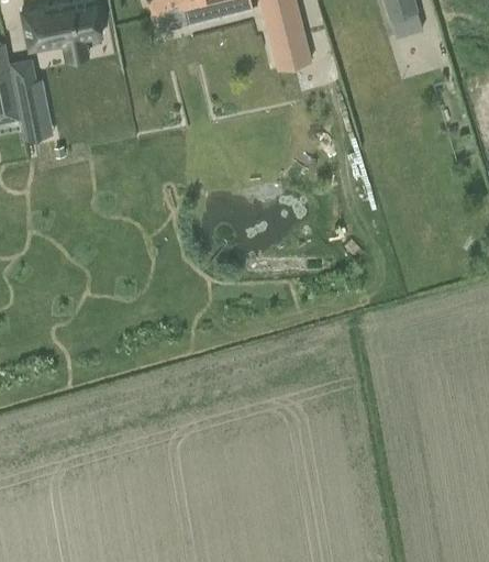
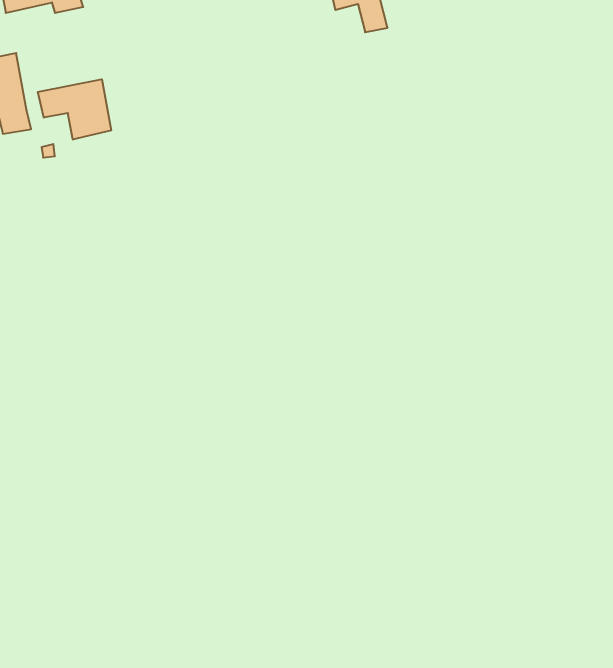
building: none -> [38,79,111,140]

